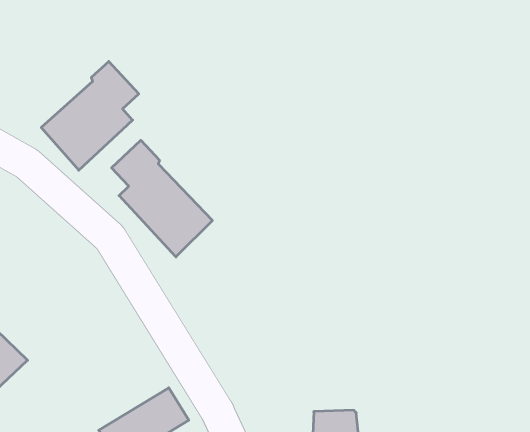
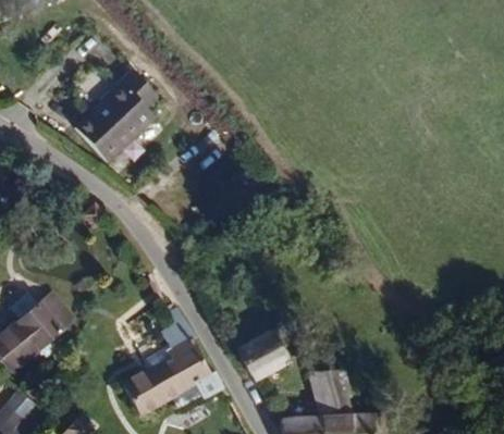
building: [112,140,212,257] -> none
building: none -> [241,332,291,379]

